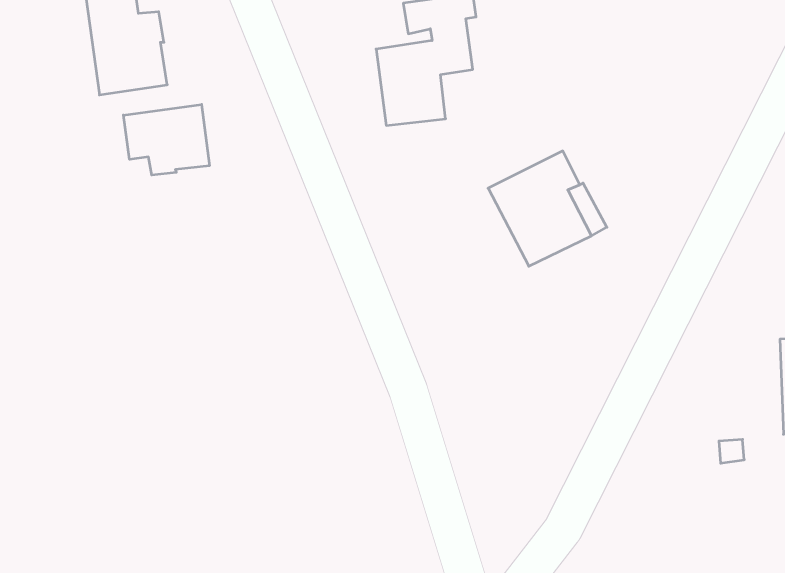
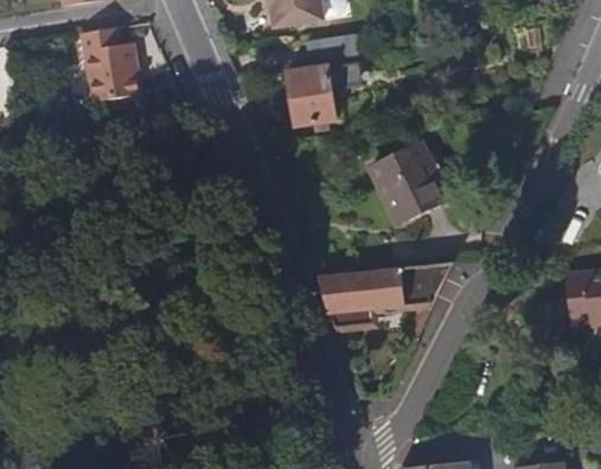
building: [123,104,209,175] -> none
building: none -> [317,262,453,315]

